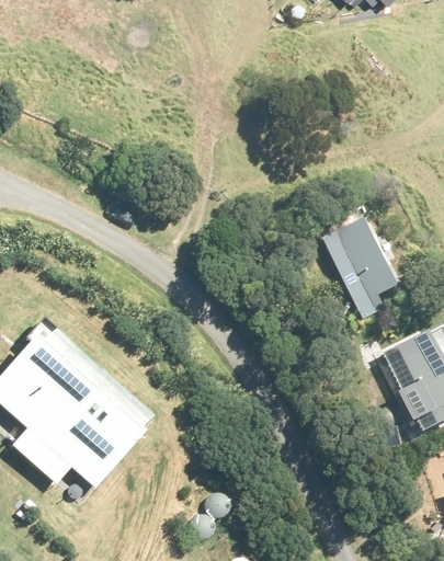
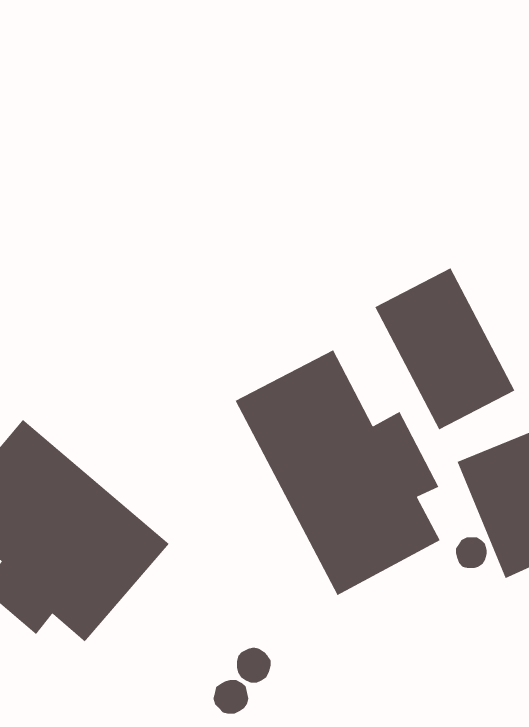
building: none -> [235,349,441,596]

